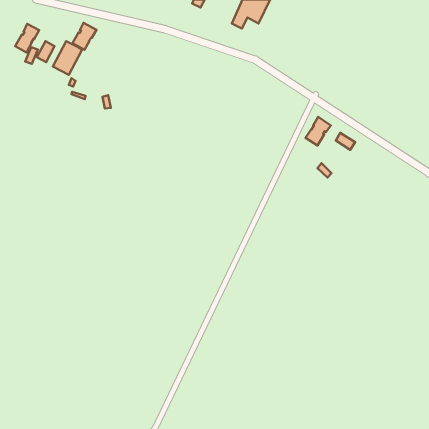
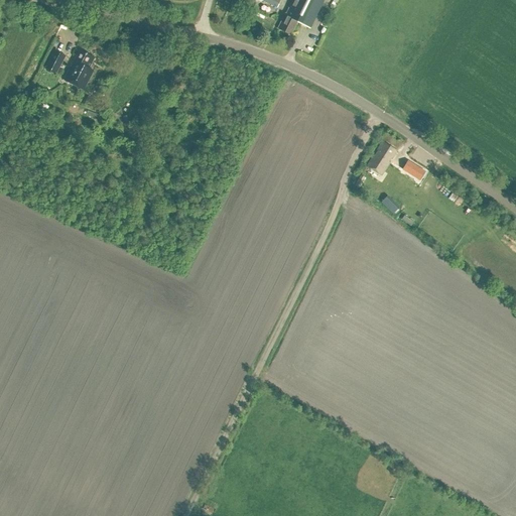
building: [73,23,97,50] -> none
building: [15,24,39,52] -> none

